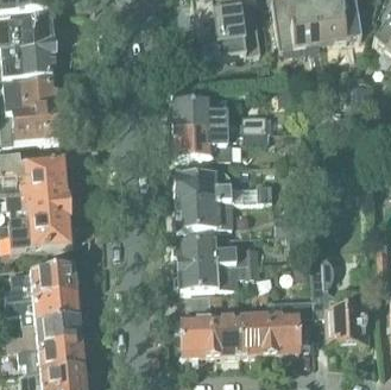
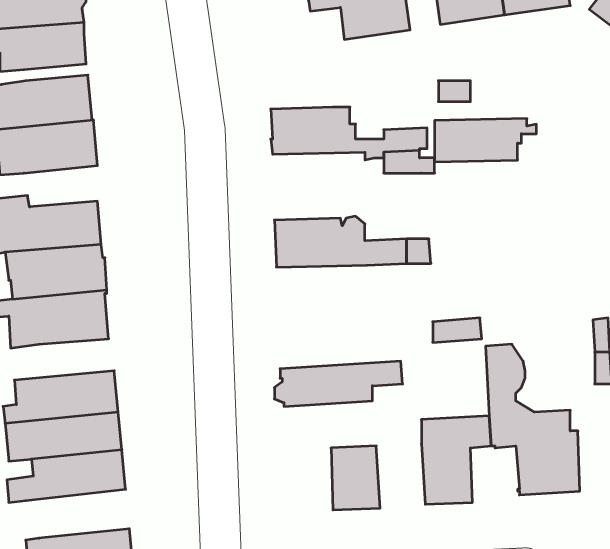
building: [175,128,239,156] -> [435,119,536,162]
building: [177,200,234,228] -> none
building: [174,239,256,265] -> none
building: [183,292,213,356] -> none
building: [240,313,271,353] -> none
building: [19,341,84,372] -> none

